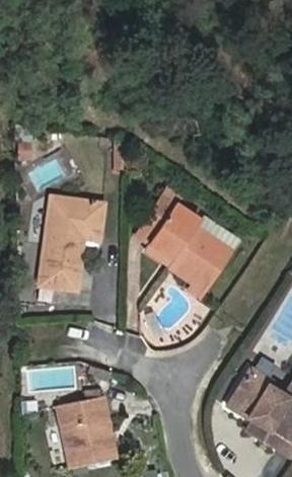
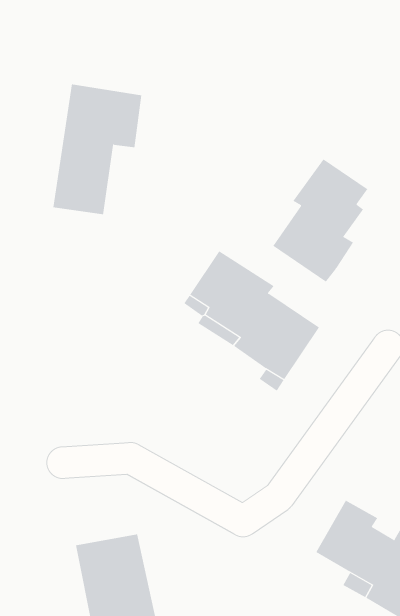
building: none -> [272,158,368,283]
building: [38,194,101,288] -> [53,84,142,215]

